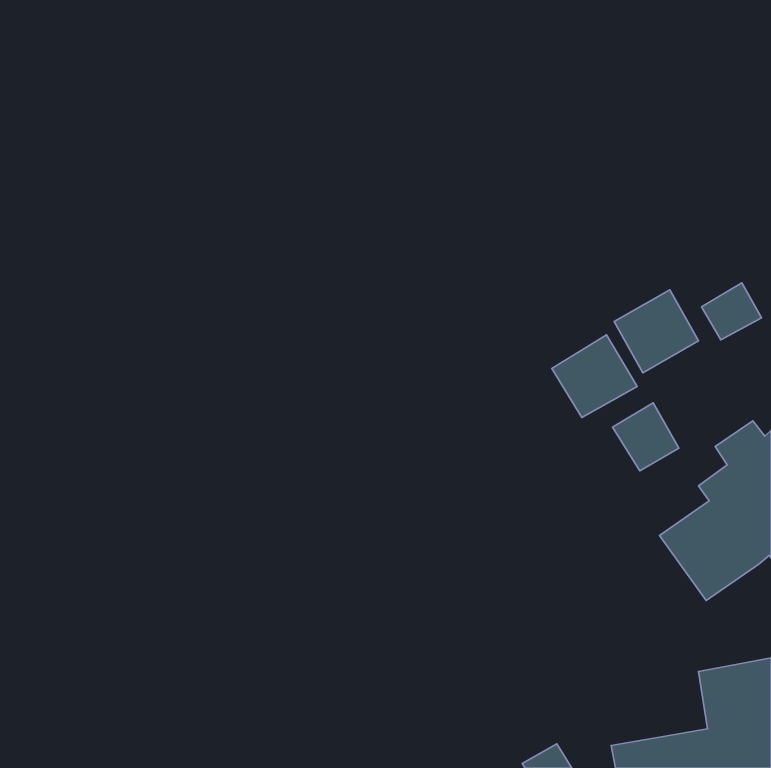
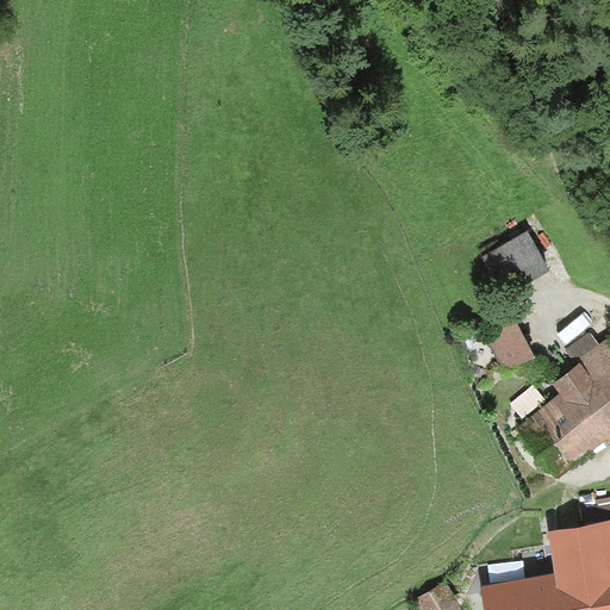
building: [702,283,762,340] -> none
building: [552,335,637,418] -> none

